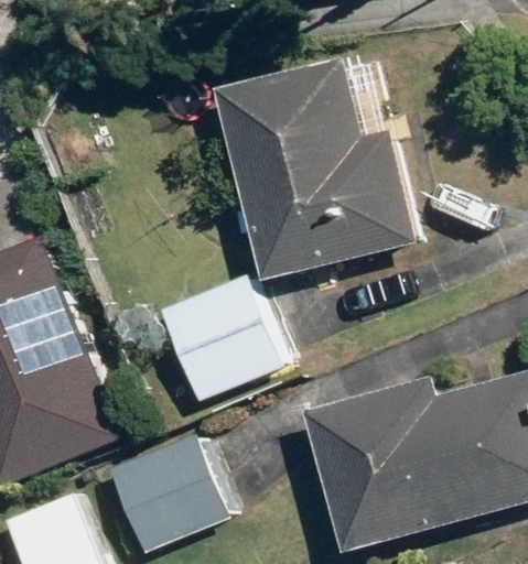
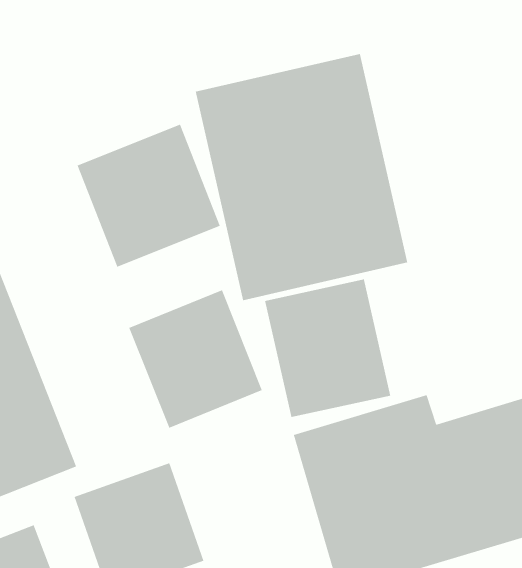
building: none -> [76,124,221,268]
building: none -> [264,279,391,418]

